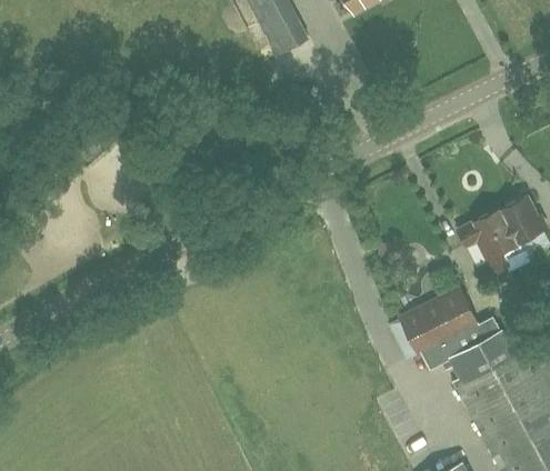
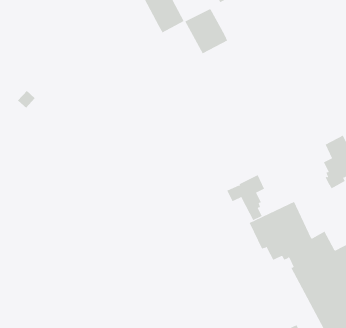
building: none -> [185,8,228,54]
building: [457,208,510,272] -> [227,174,265,221]

